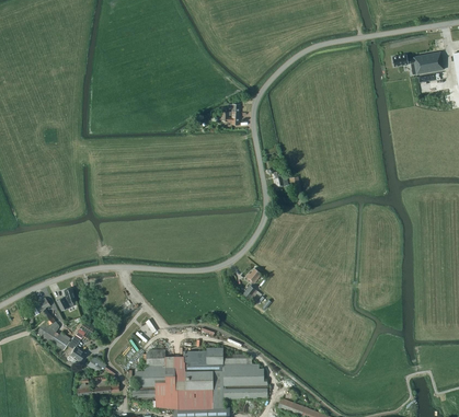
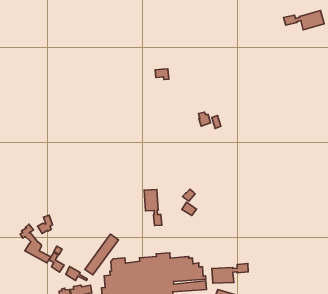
building: none -> [144,189,162,225]
building: none -> [212,263,248,283]

